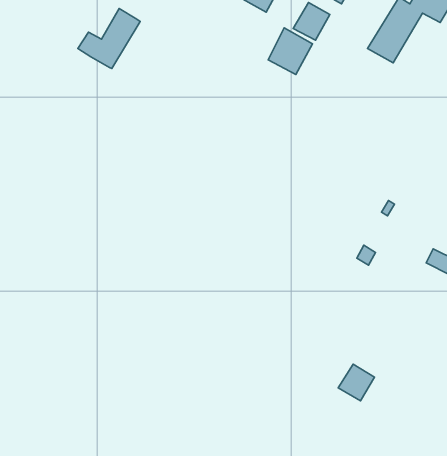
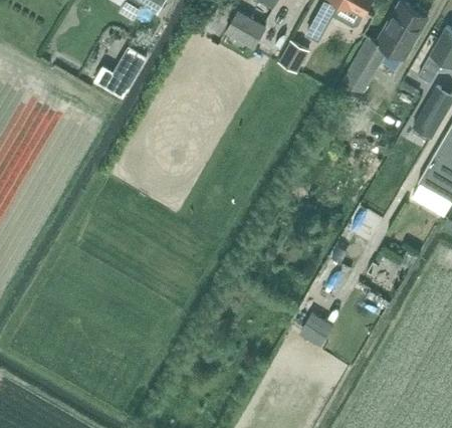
building: [268,28,313,75] -> none
building: [338,364,374,401] -> [298,316,329,348]

